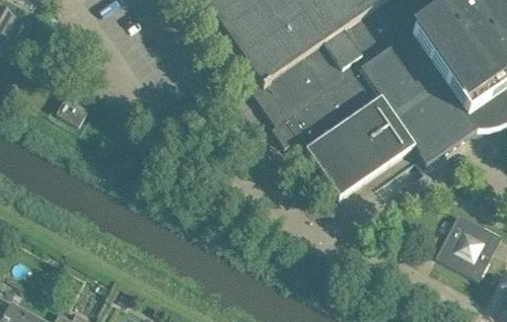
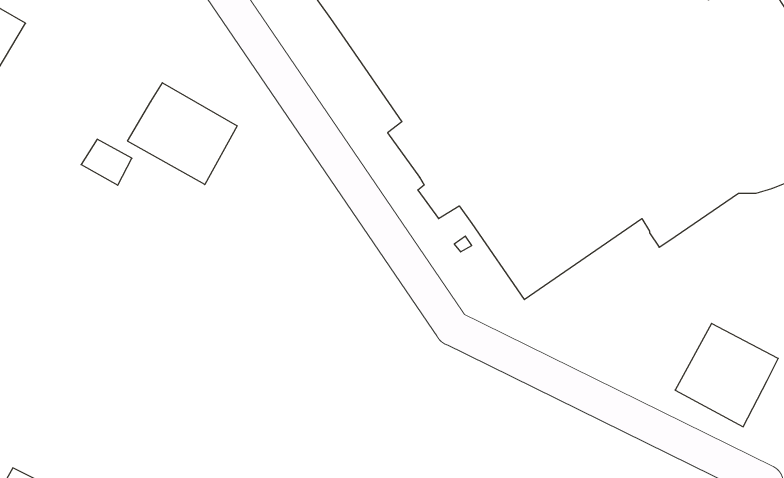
building: none -> [128,83,237,185]

